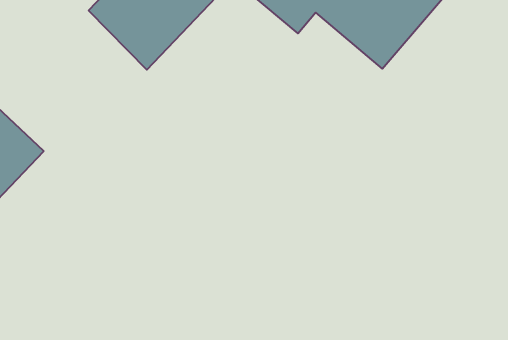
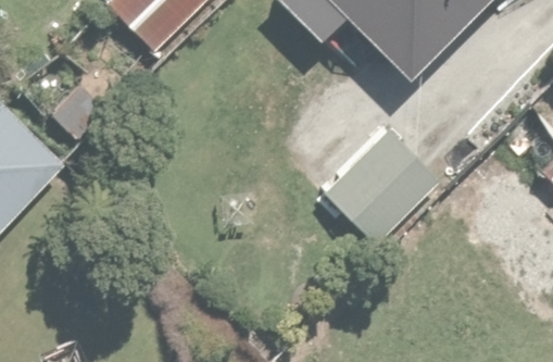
building: none -> [326,129,443,247]

